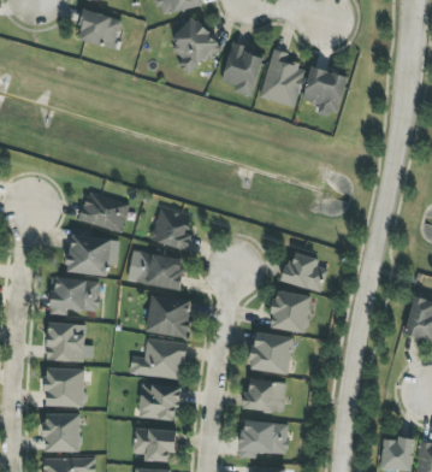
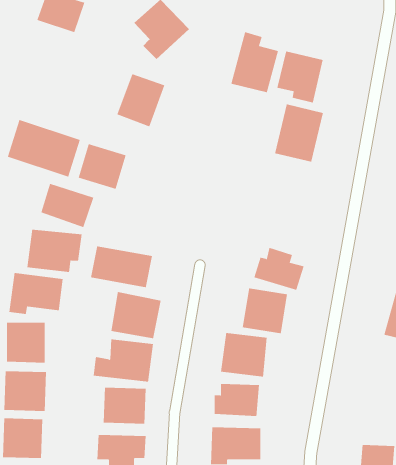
building: [219,45,265,95] -> [117,74,165,127]
building: none -> [275,104,323,163]
building: none -> [7,119,80,177]
building: [149,207,195,250] -> [78,144,126,189]

